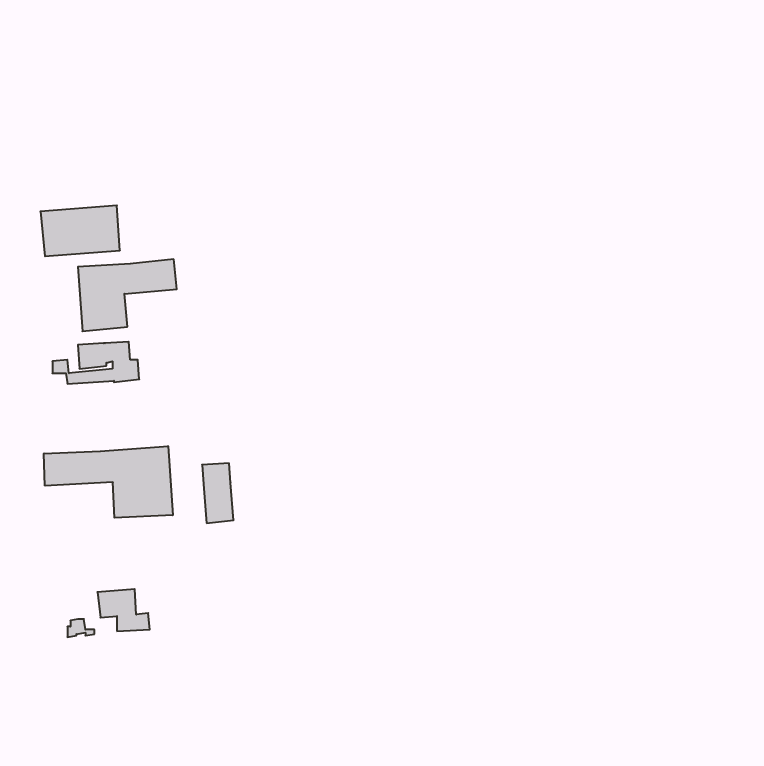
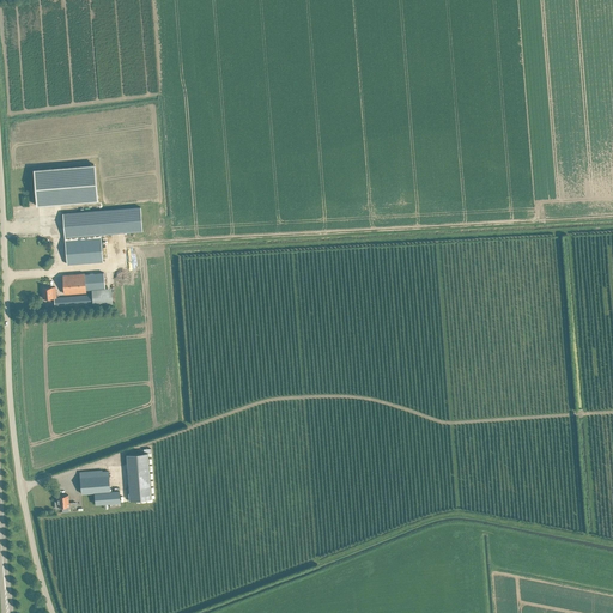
building: [44,446,173,518] -> none
building: [202,463,234,523] -> [126,453,151,500]

